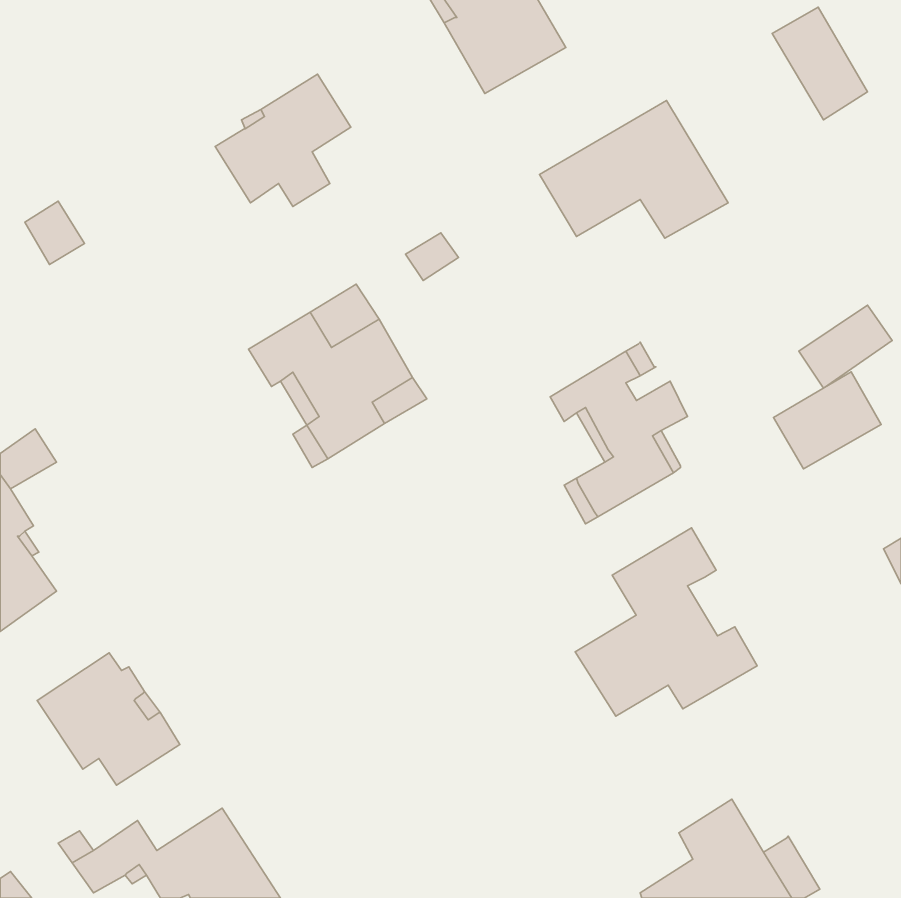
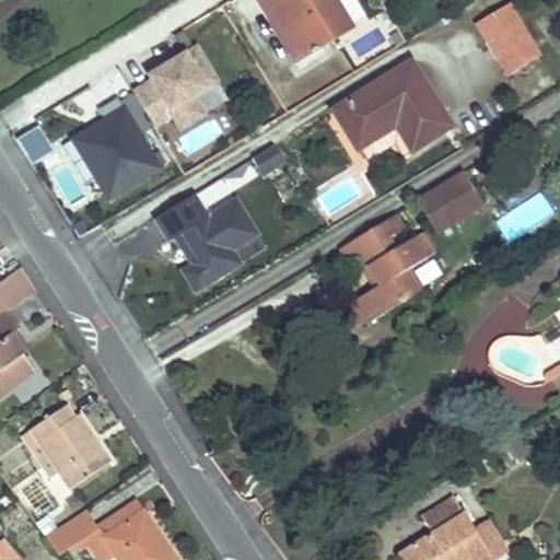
building: none -> [66,103,163,203]
building: [774,372,881,469] -> [417,172,483,232]
building: [575,528,757,716] -> none

